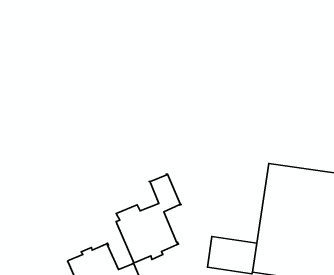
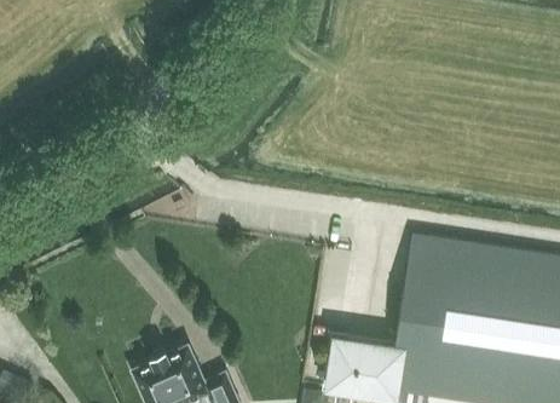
building: [116,174,181,263] -> none

